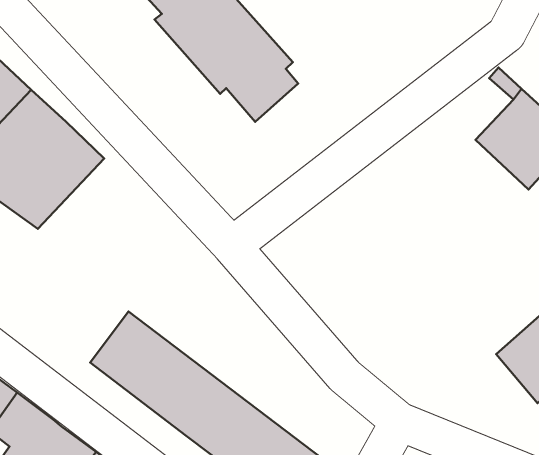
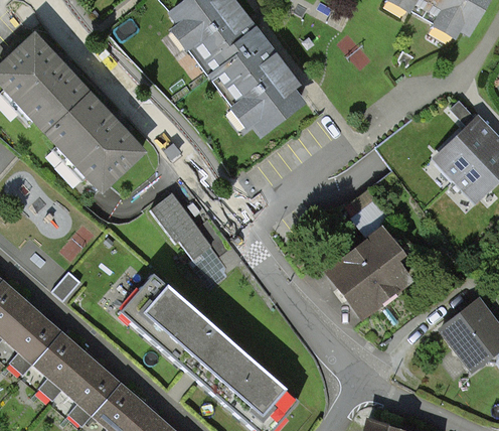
building: none -> [330,198,420,313]
building: none -> [151,191,230,288]

